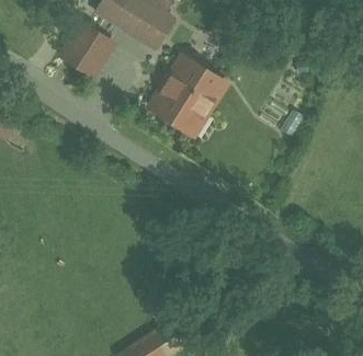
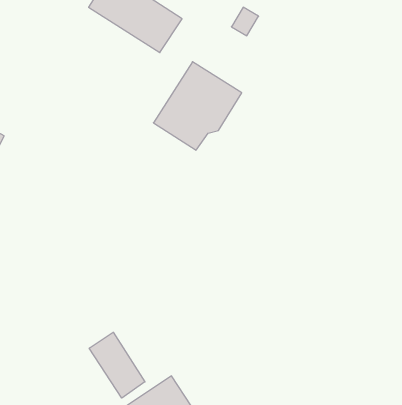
building: [60,24,113,77] -> none
building: none -> [89,332,145,398]

